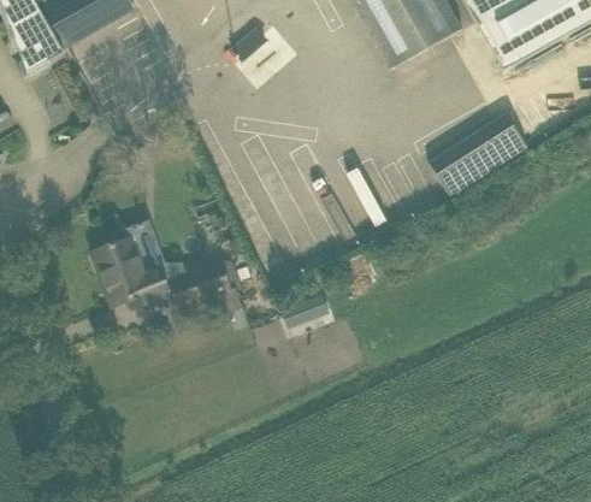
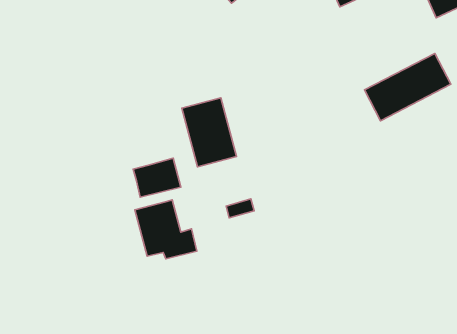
building: none -> [182,98,236,167]
building: [97,232,173,301] -> [135,200,197,259]

